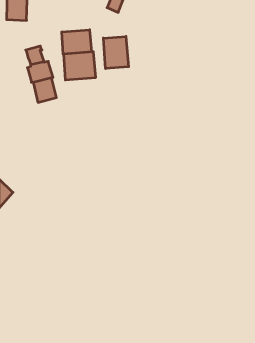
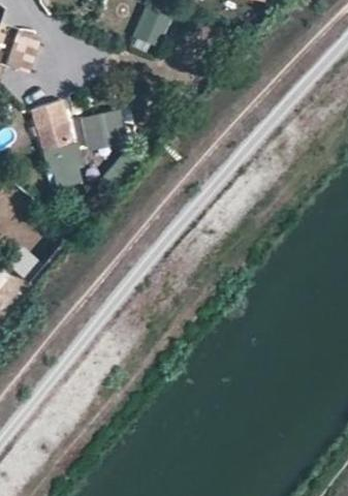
building: [62,30,92,54] -> none
building: [103,36,129,69] -> none

